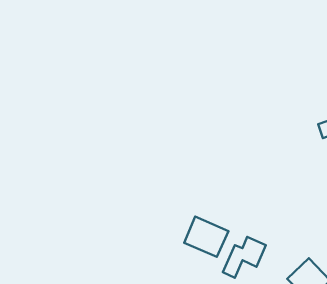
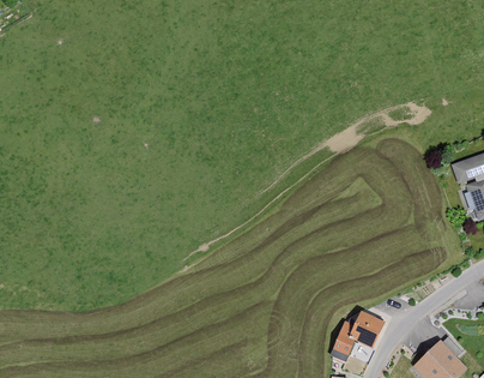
building: [184,216,228,257] -> none

